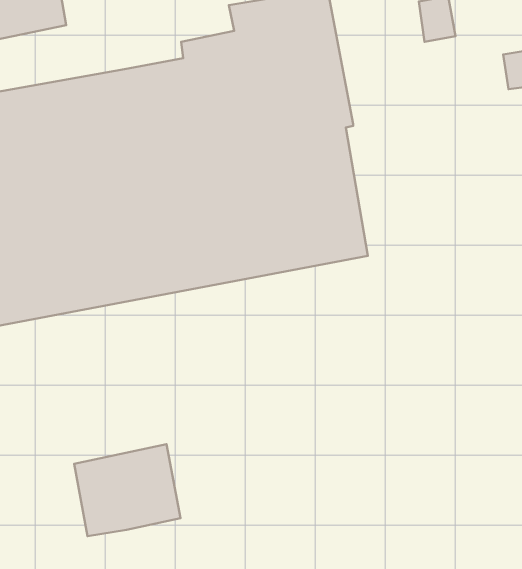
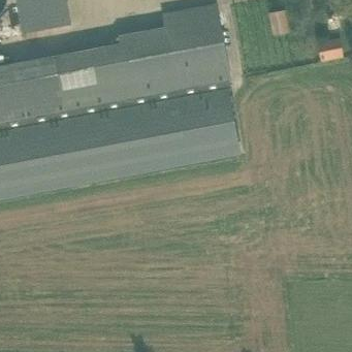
building: [74,444,180,536] -> none

